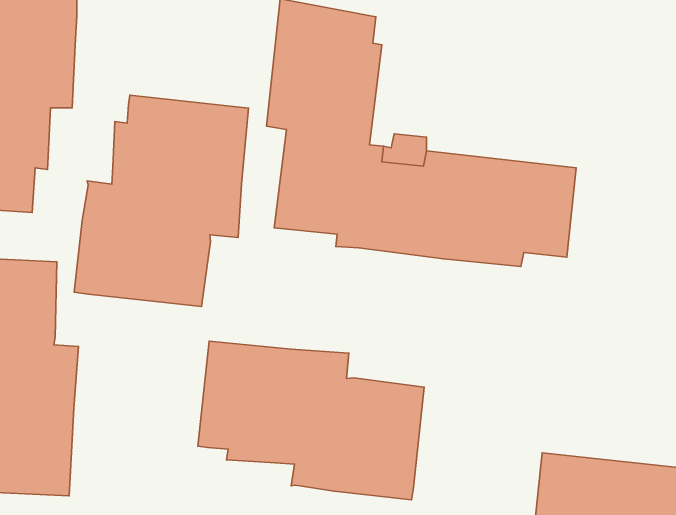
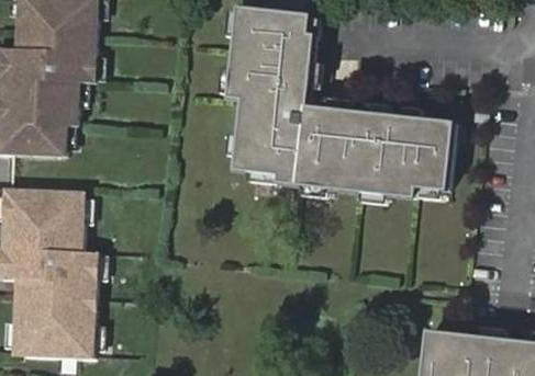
building: [74,95,249,306] -> none
building: [198,341,424,500] -> none

